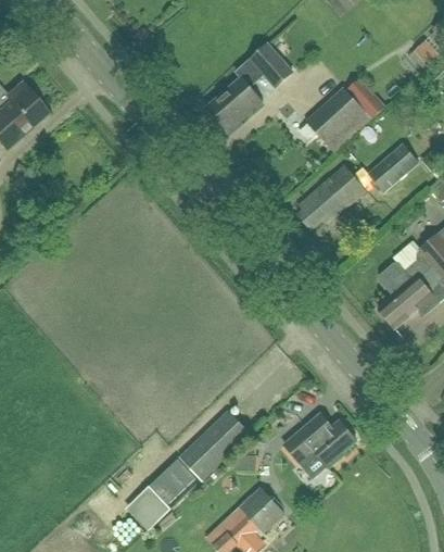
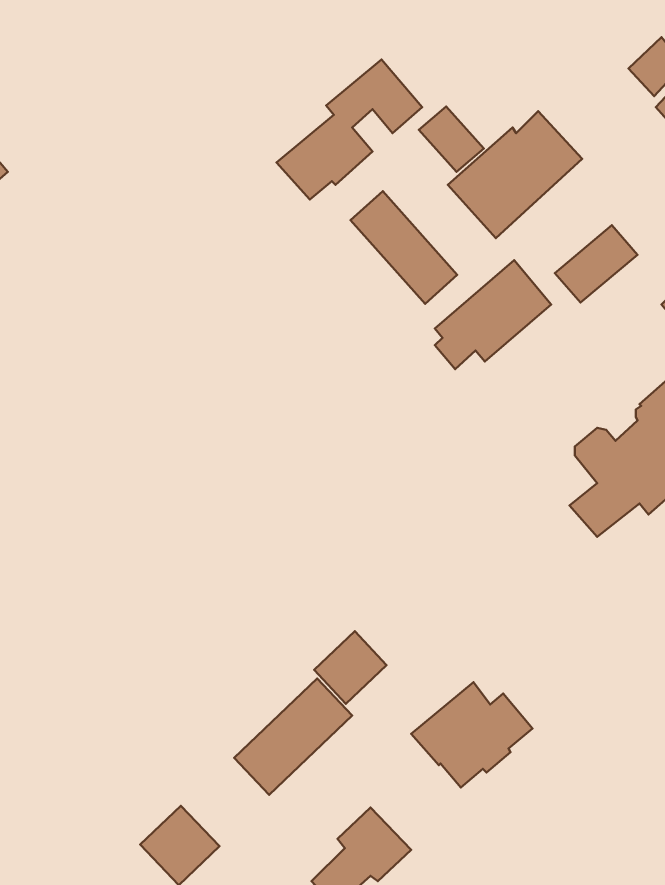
building: none -> [419,106,484,172]
building: none -> [351,191,457,304]
building: none -> [314,631,386,704]
building: [150,460,195,505] -> none

